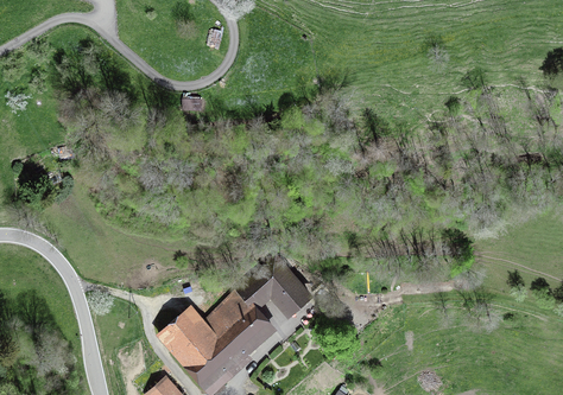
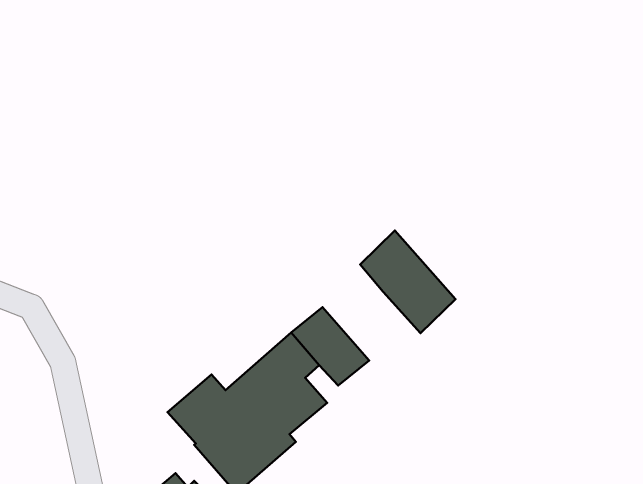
building: none -> [360,231,455,333]

